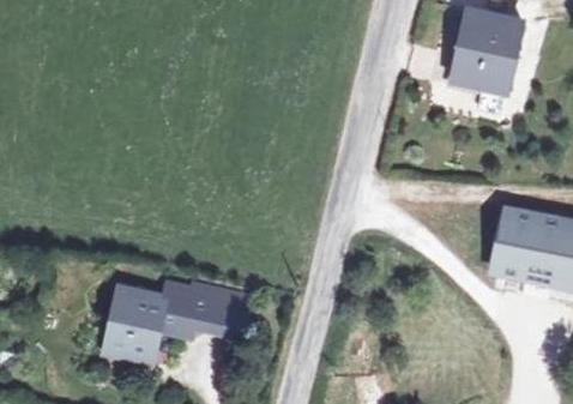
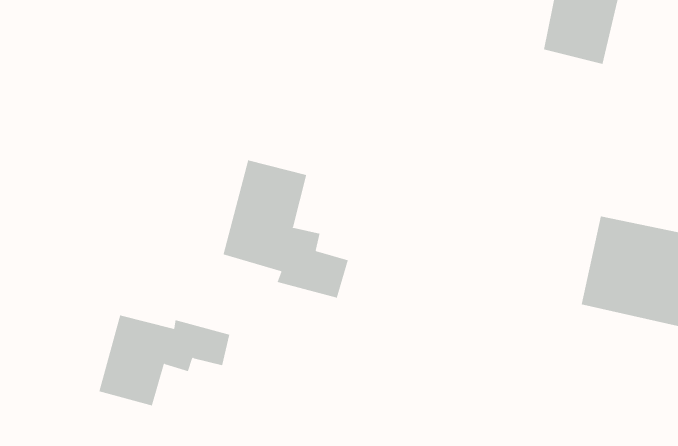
building: none -> [223,159,349,298]
building: [201,289,247,336] -> none

